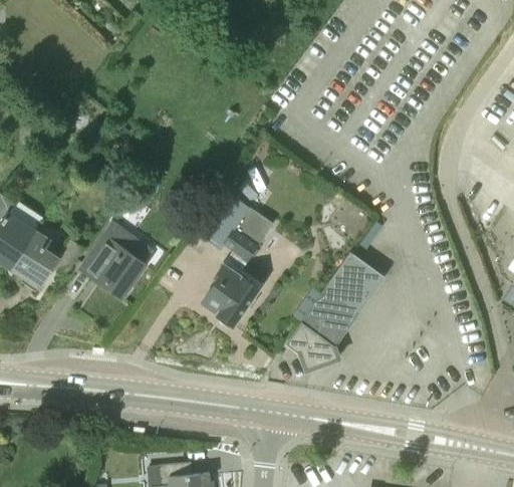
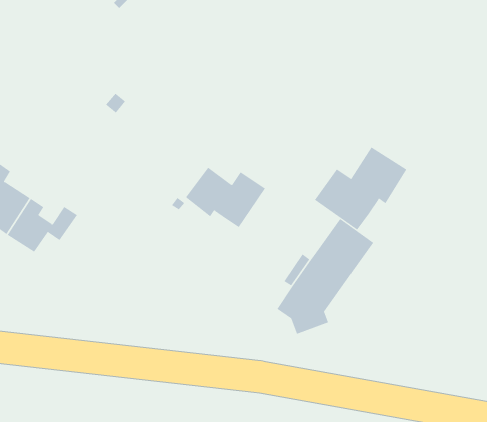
building: none -> [314,147,407,231]
building: [79,223,152,298] -> none
building: [202,252,261,325] -> none

